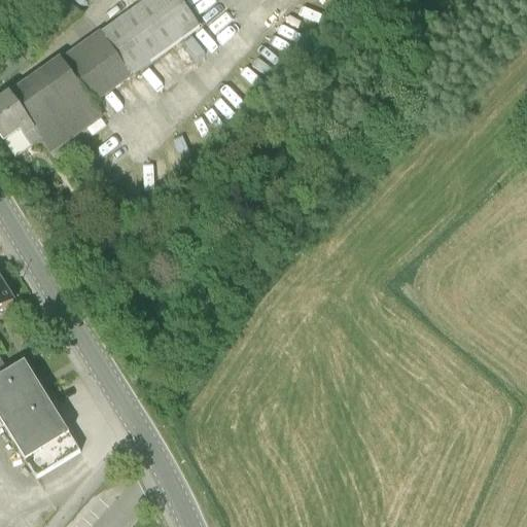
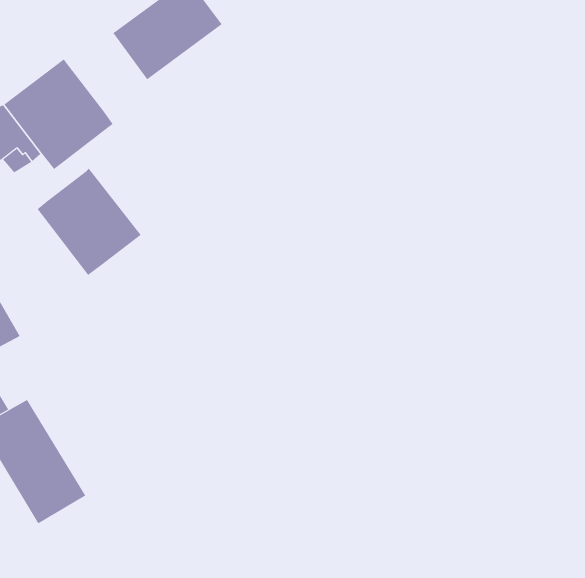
building: [60,28,132,100] -> none
building: none -> [37,168,141,276]

